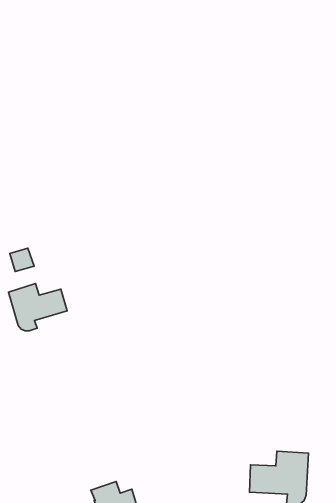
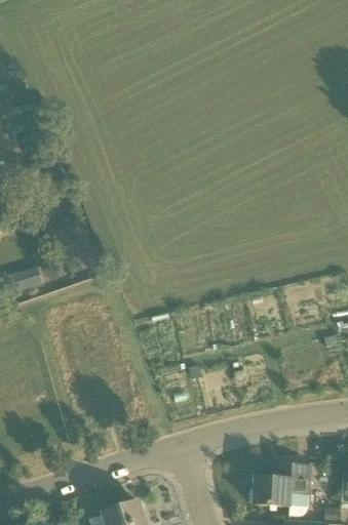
building: [8,284,67,331] -> none

